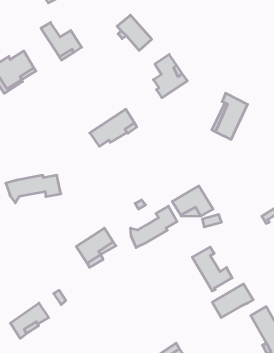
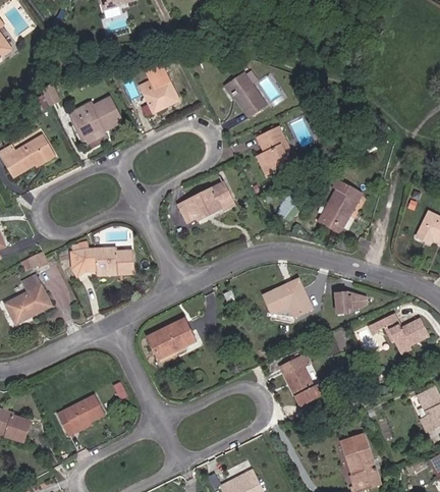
building: none -> [338,291,372,311]
building: [131,206,177,248] -> none
building: [212,284,253,318] -> none

